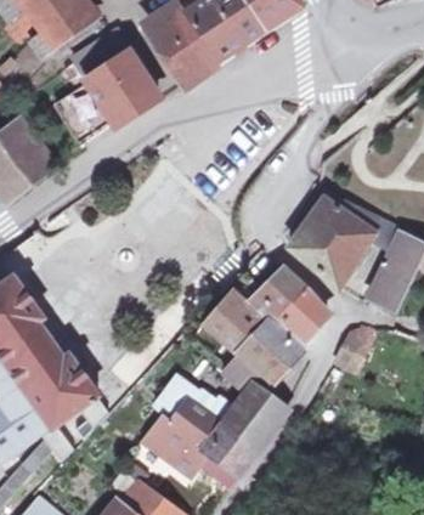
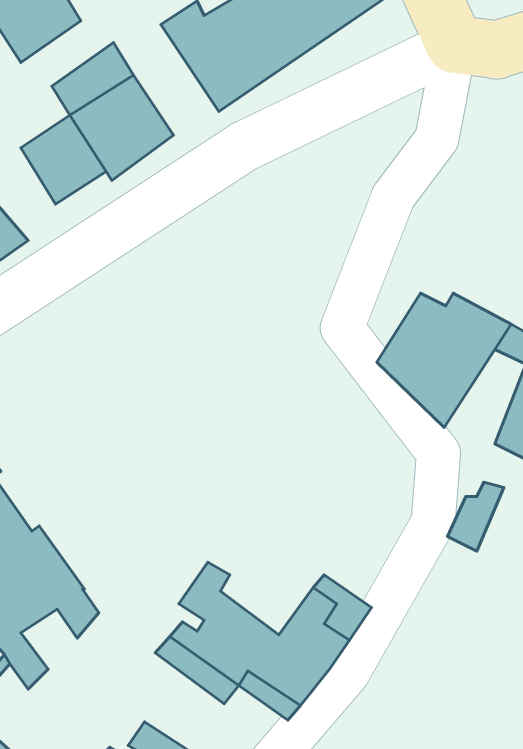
building: [203,268,323,384] -> none

